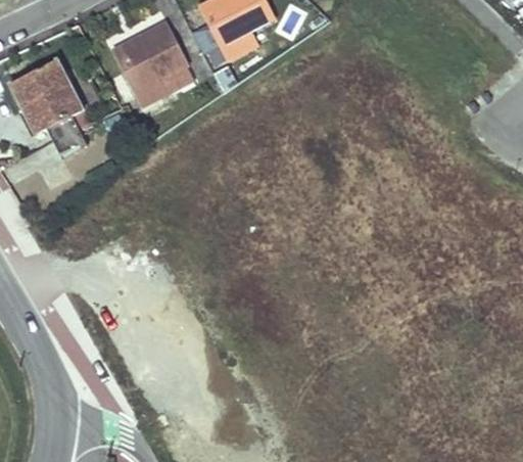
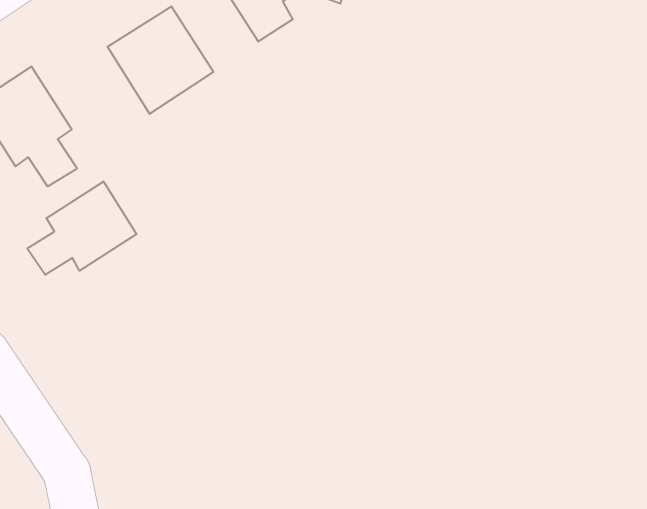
building: none -> [27,181,137,275]

